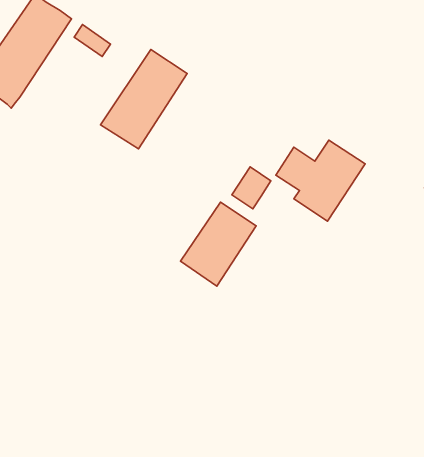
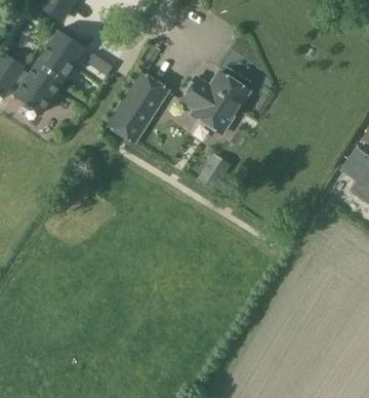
building: [276,140,365,221] -> [180,73,246,132]
building: [181,202,256,286] -> none

